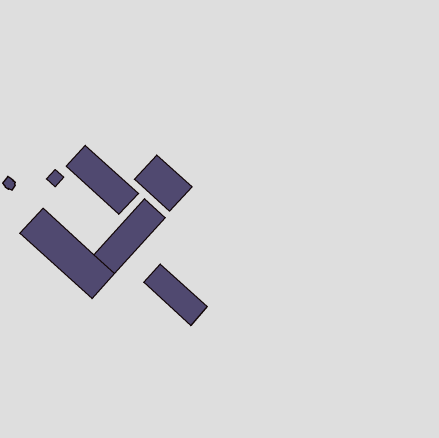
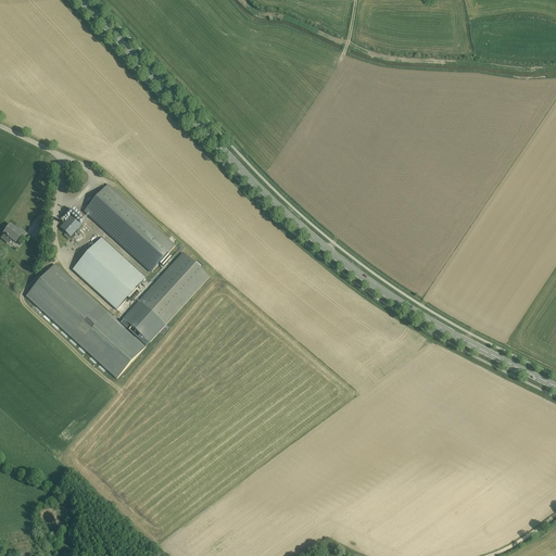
building: [134,155,192,211] -> [72,237,144,307]
building: [144,264,207,326] -> none

